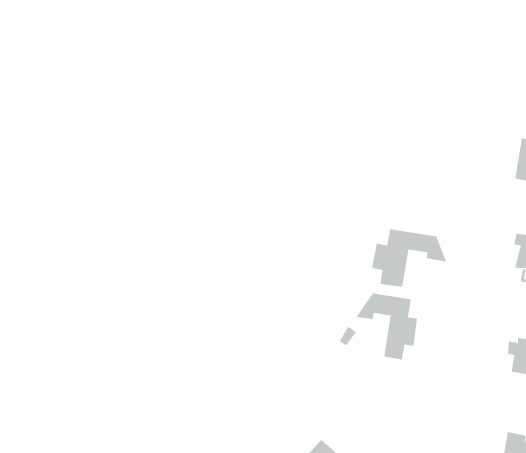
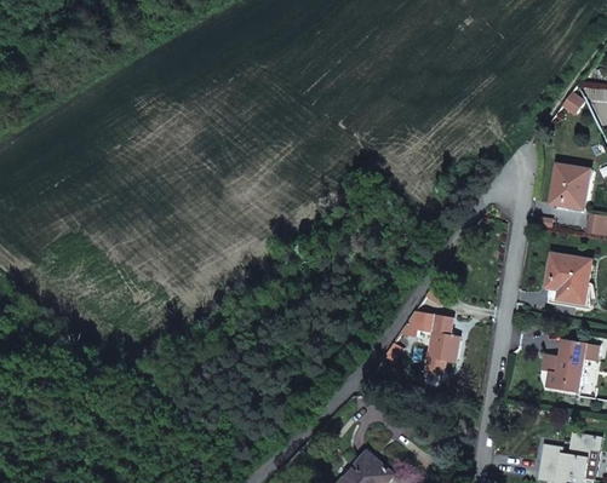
building: [371,228,447,288] -> none

